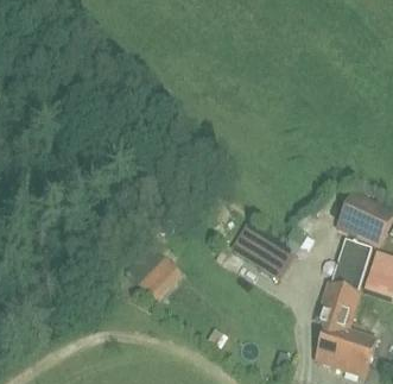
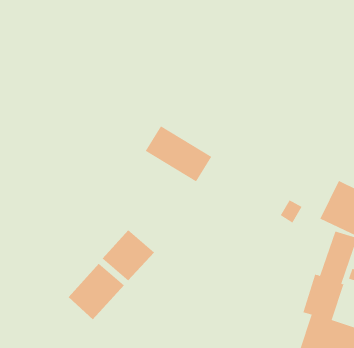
building: [228,222,294,278] -> [145,126,212,182]
building: none -> [68,263,125,320]

